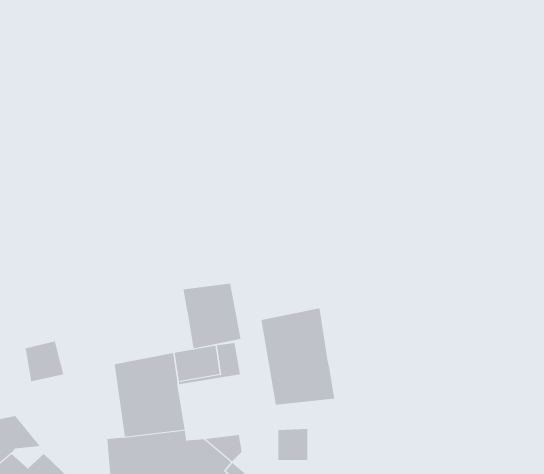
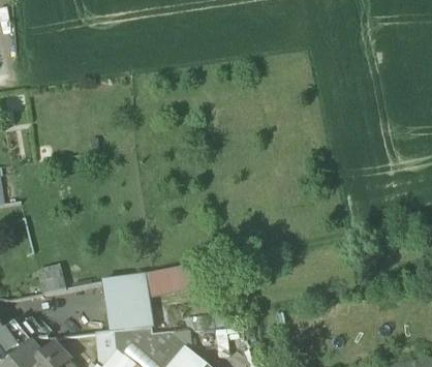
building: [183,283,241,349] -> none
building: [261,308,335,406] -> none

